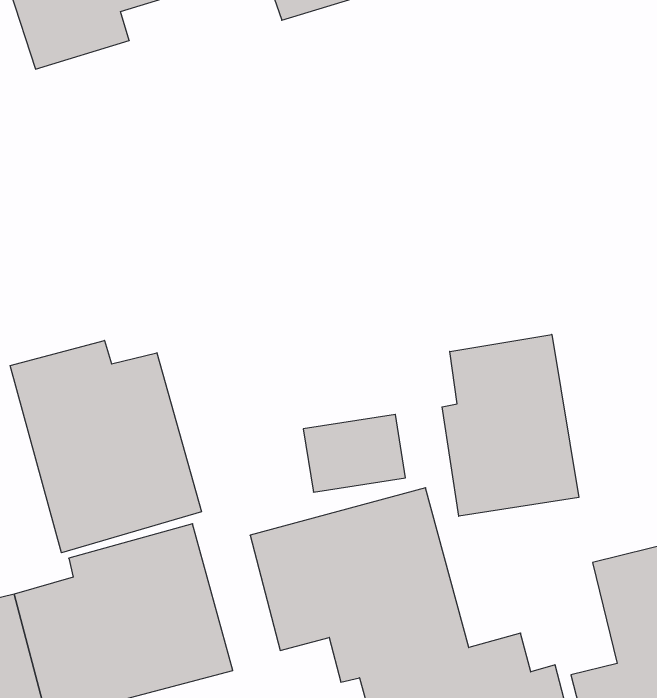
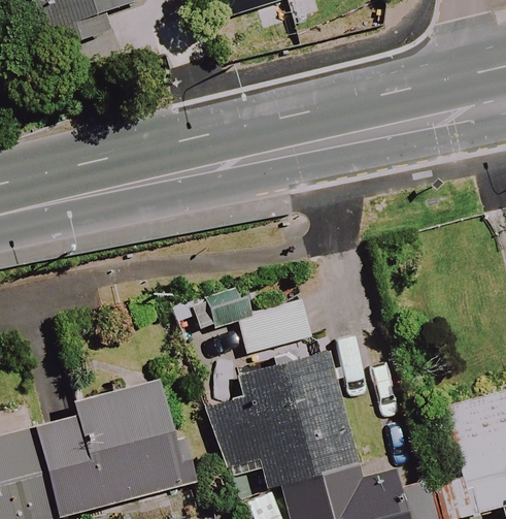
building: [442,334,579,516] -> none
building: [10,340,202,553] -> none

